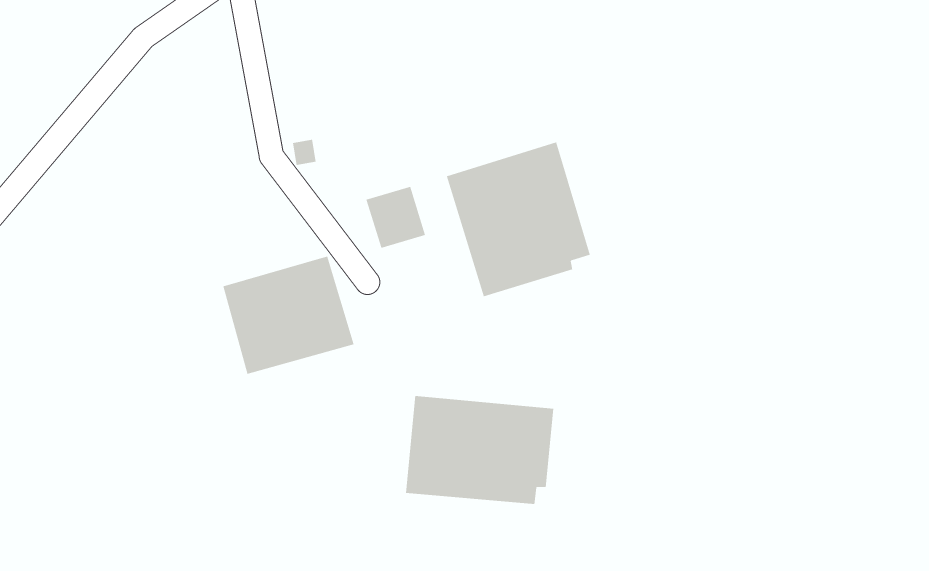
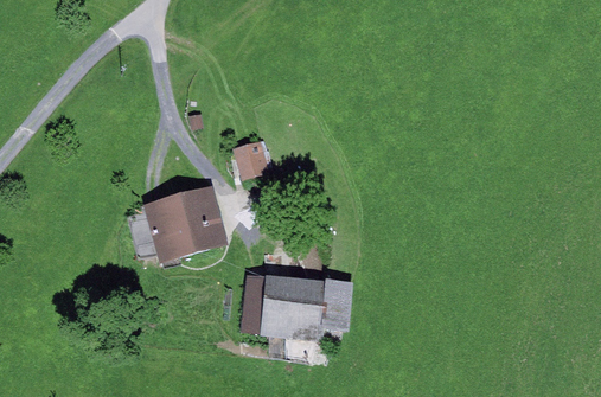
building: [446,142,590,297] -> none

